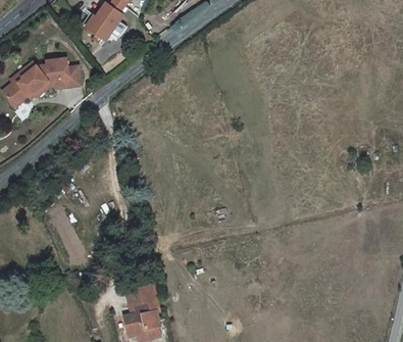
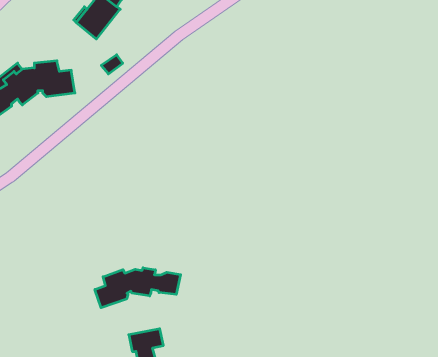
building: none -> [95,268,181,308]

